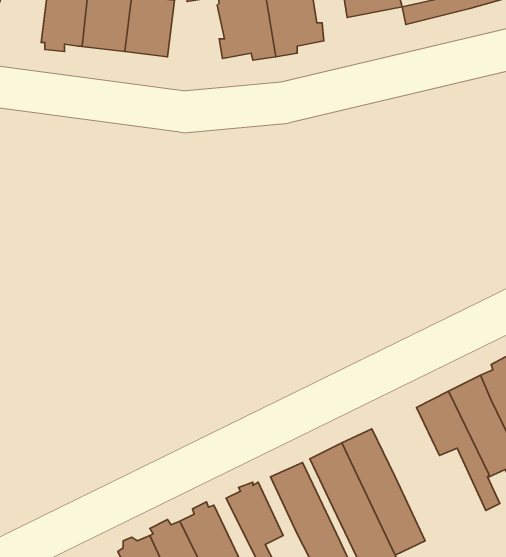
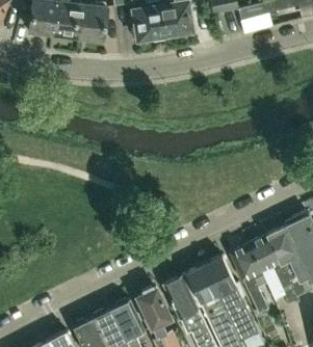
building: none -> [230,243,269,314]

